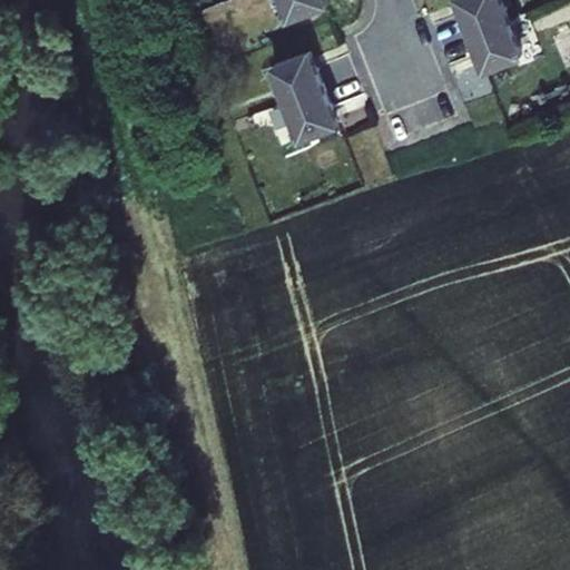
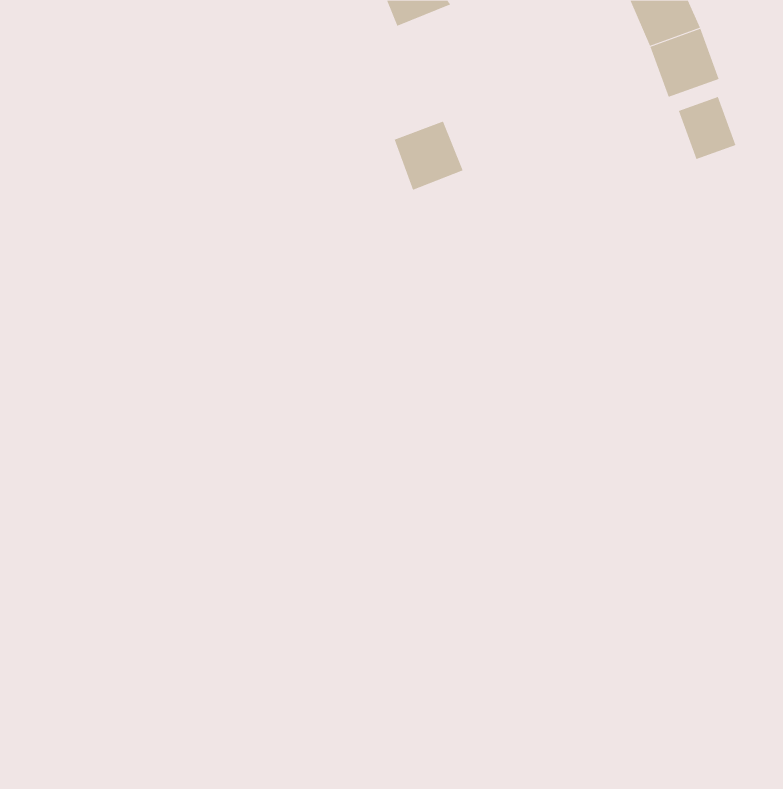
building: [268,51,318,102] -> none
building: none -> [678,96,736,160]

